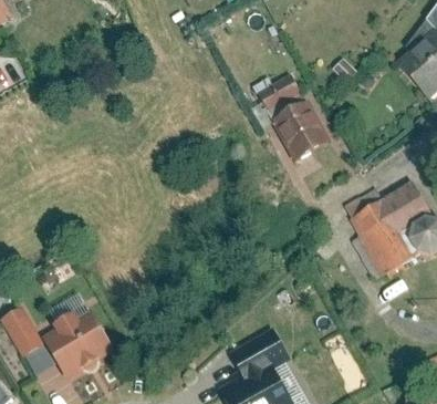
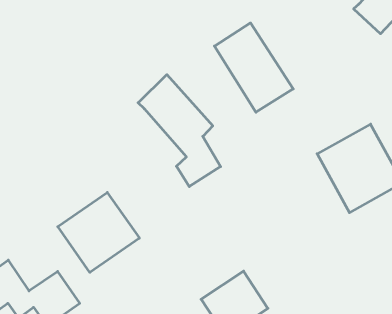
building: none -> [138,75,221,187]
building: none -> [58,192,139,272]

